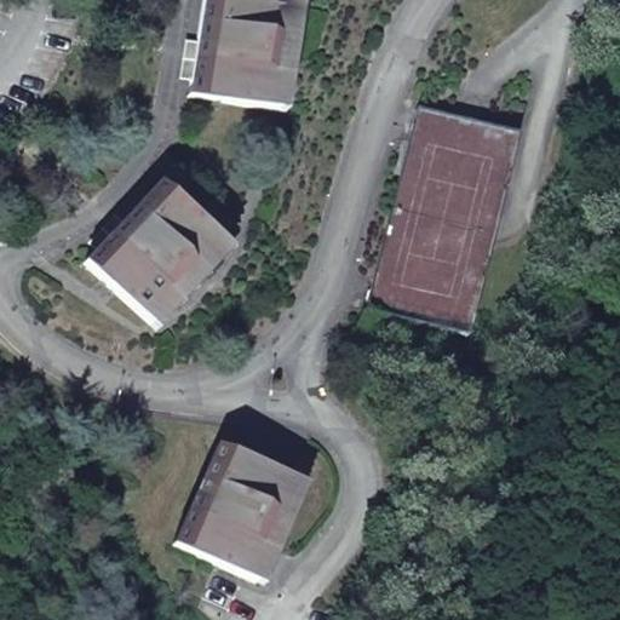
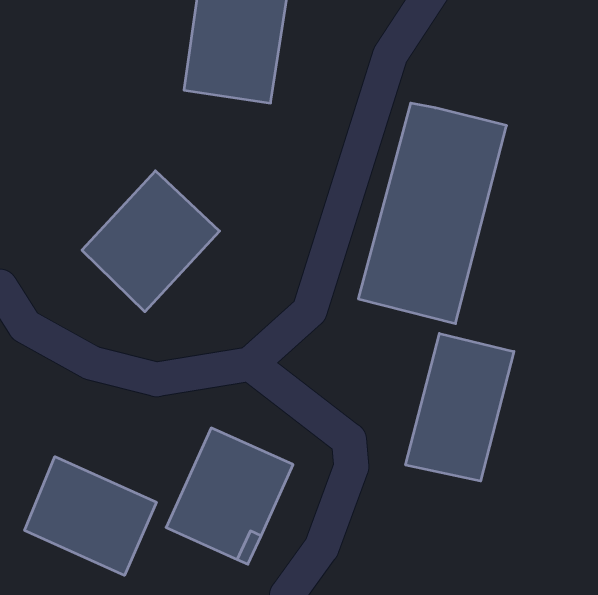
building: none -> [406,333,514,481]
building: none -> [25,457,156,575]

